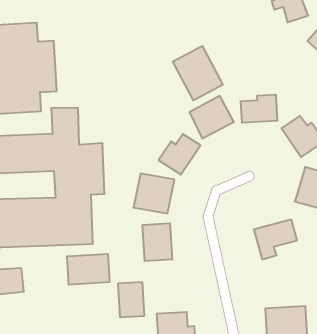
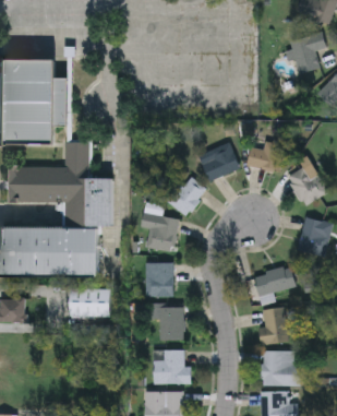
building: [173,46,223,100] -> none
building: none -> [258,307,287,344]
building: [118,282,144,317] -> [158,307,182,340]

